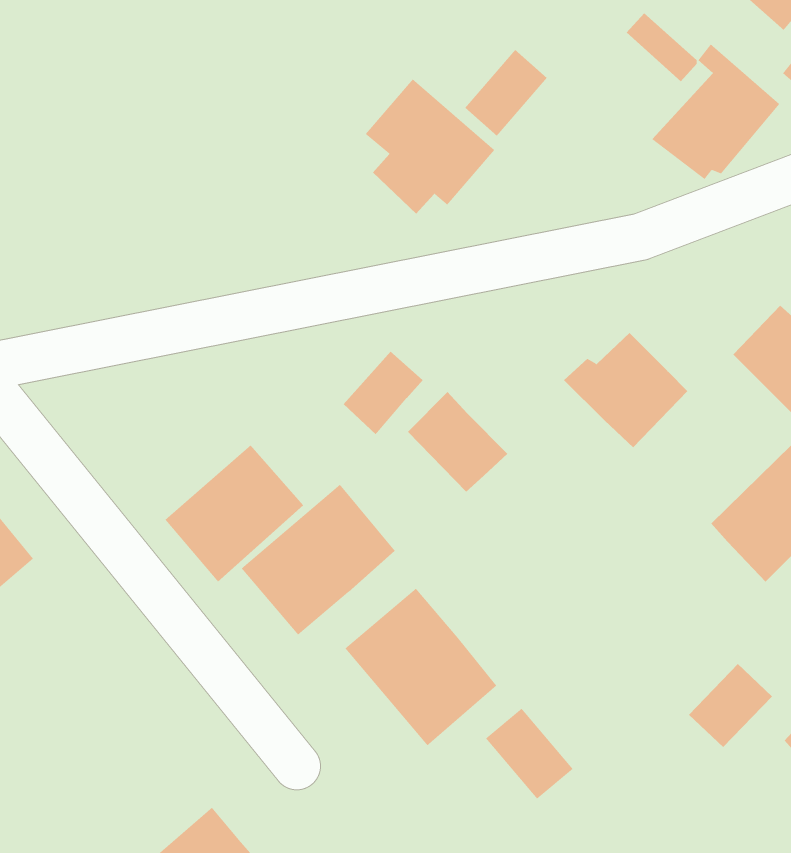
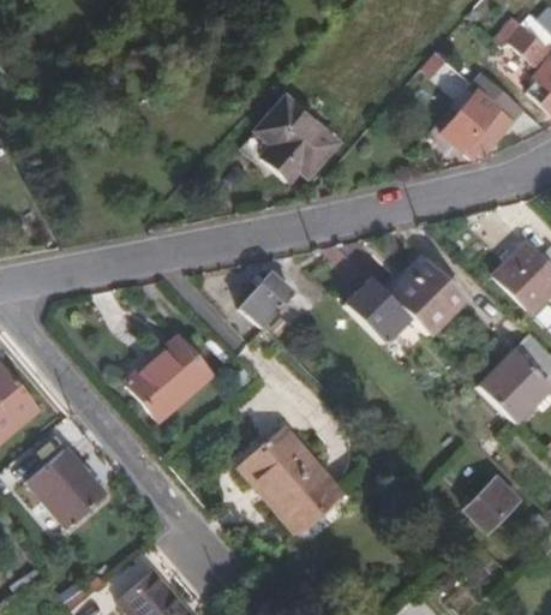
building: [464,49,548,136] -> none
building: [407,391,508,492] -> [343,277,409,344]
building: [241,484,396,635] -> none
building: none -> [25,447,106,529]
building: [485,708,574,799] -> none

